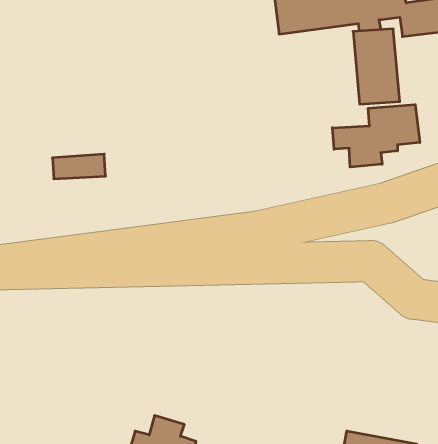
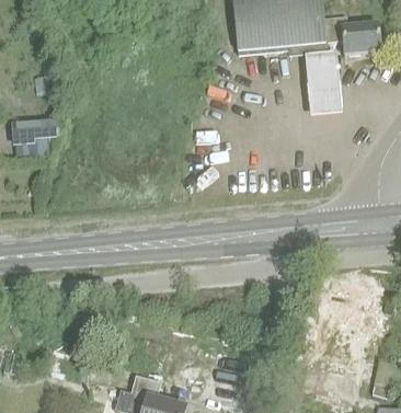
building: [332,105,420,167] -> none
building: [52,154,106,179] -> [13,118,58,139]

